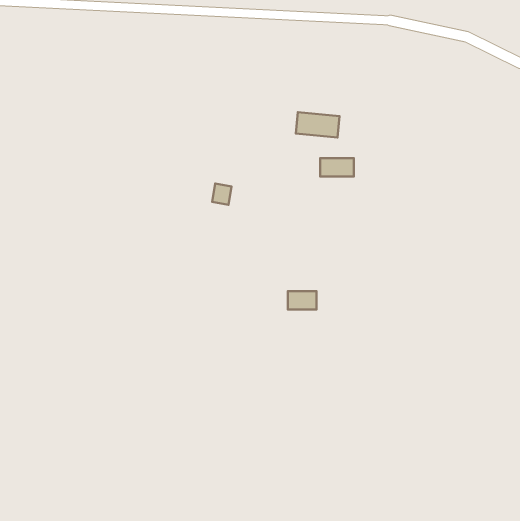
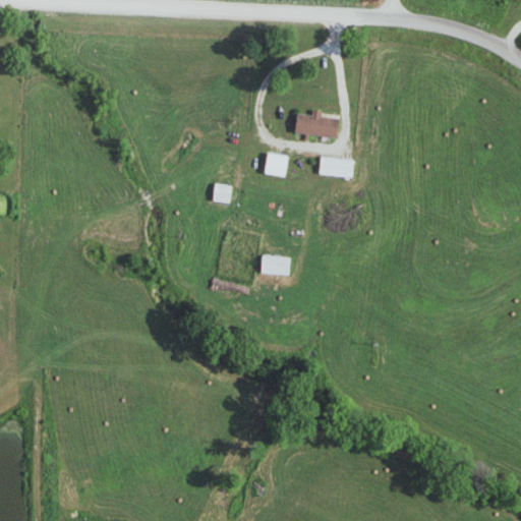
building: none -> [265,153,287,177]
building: [288,291,316,309] -> [260,256,289,275]

